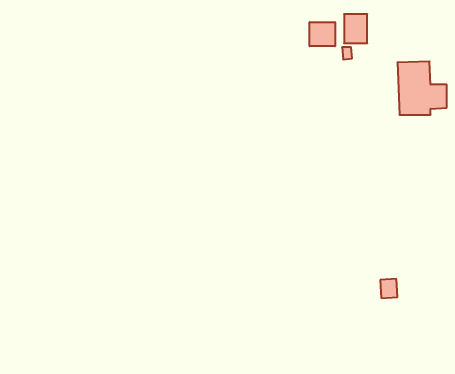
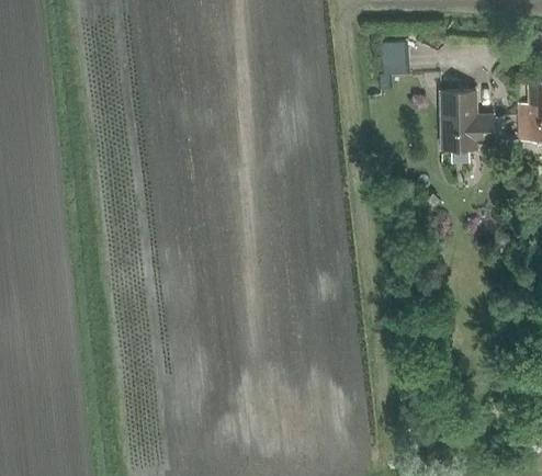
building: [310,22,335,46] -> none

